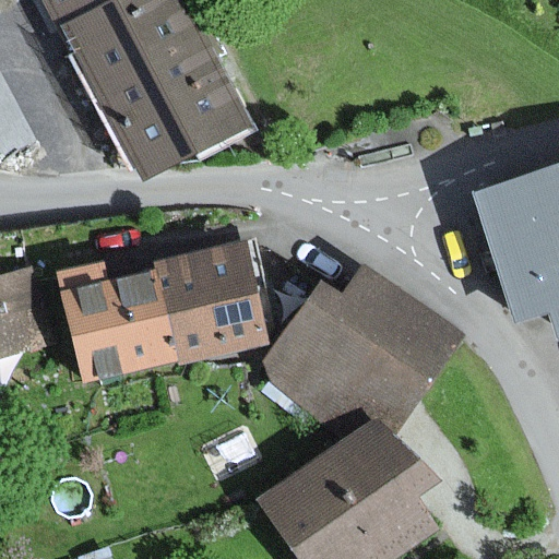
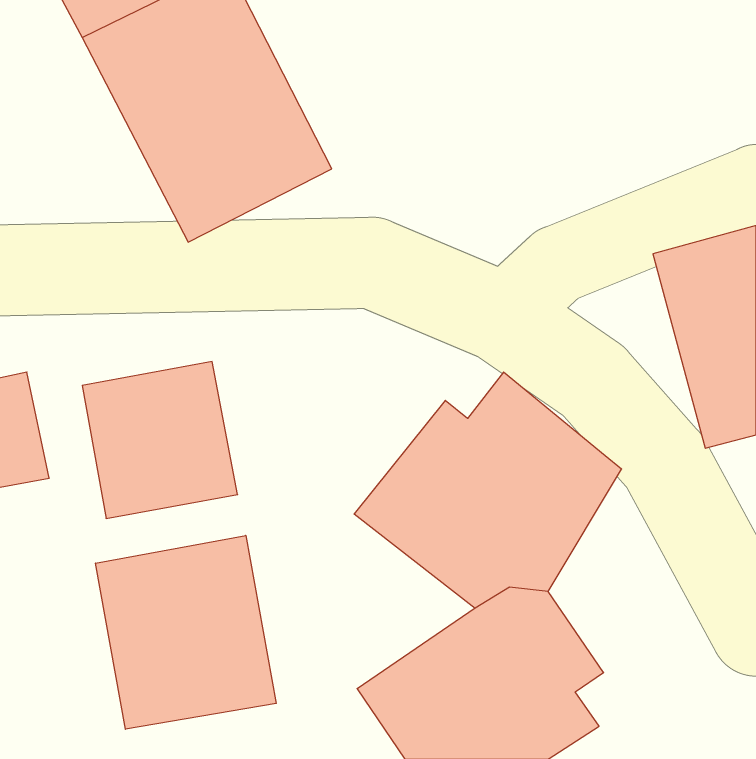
building: [155,248,266,361] -> none
building: none -> [96,535,276,729]

